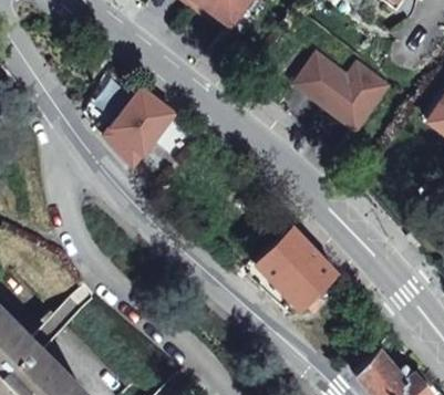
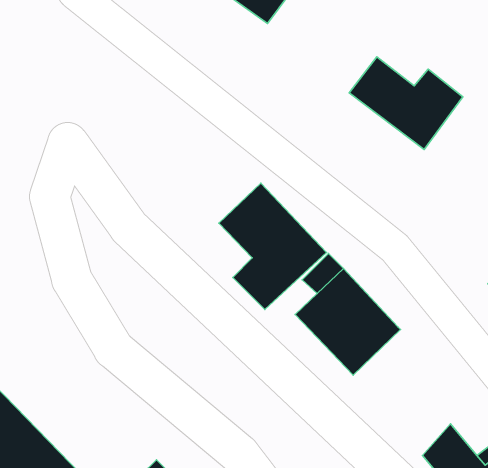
building: [103,91,169,164] -> none
building: none -> [219,183,326,309]

